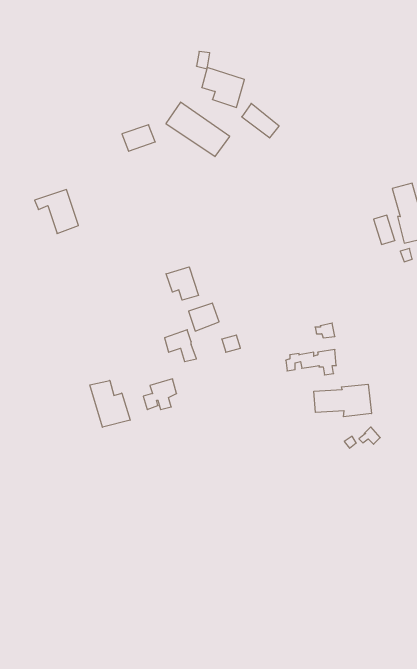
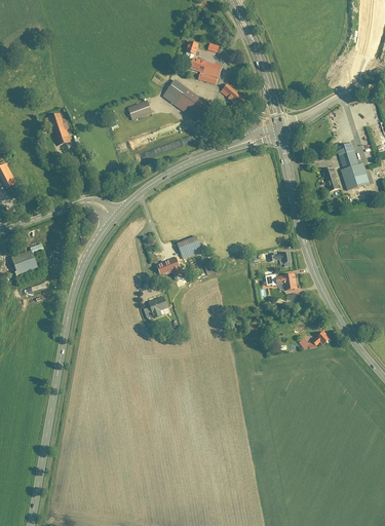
building: [35,190,78,234] -> [39,111,73,145]
building: [166,267,199,300] -> none
building: [90,380,130,427] -> none
building: [314,384,371,417] -> none

